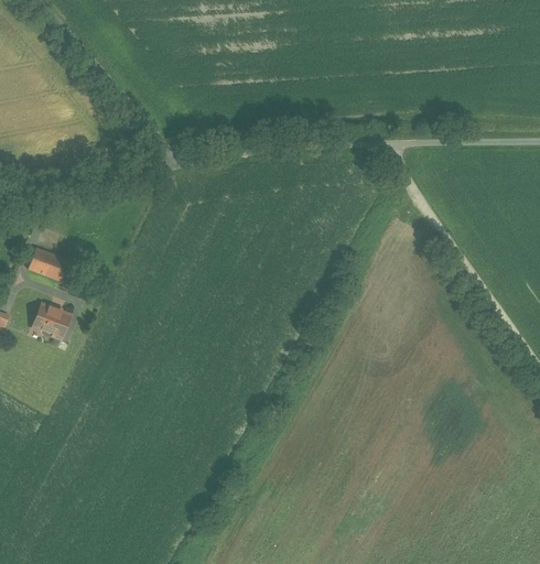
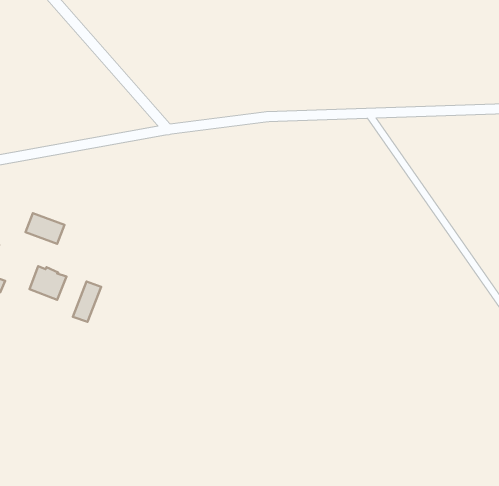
building: none -> [73,281,101,322]

